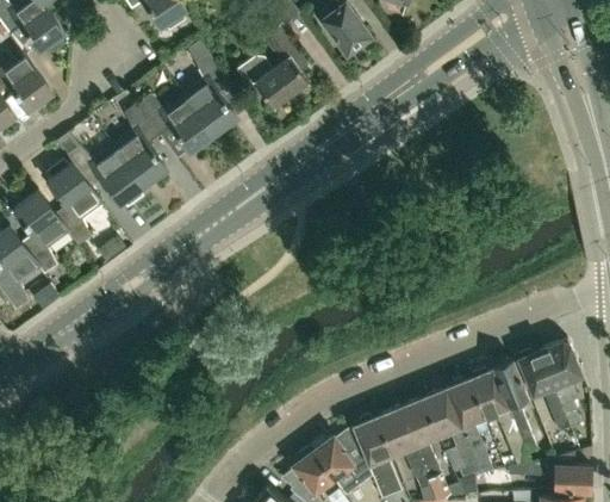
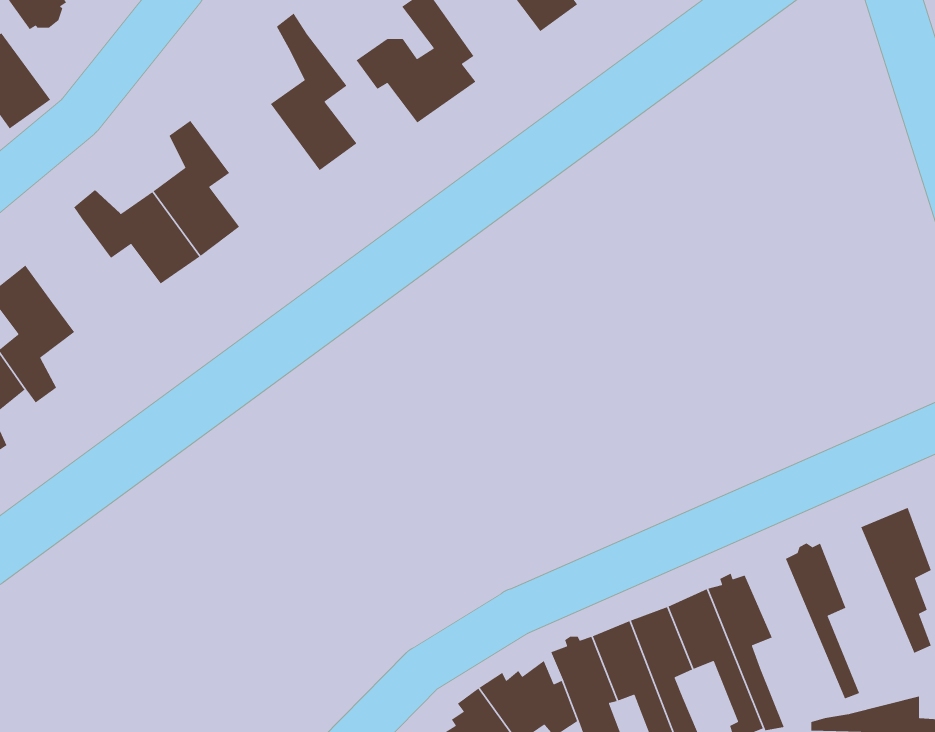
building: [137,97,214,154] -> none
building: [46,163,100,248] -> none
building: [517,351,571,432] -> none
building: [469,368,531,465] -> none

